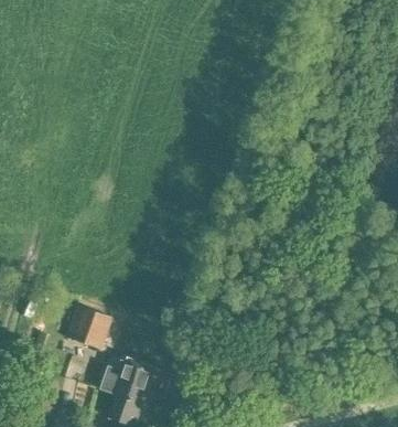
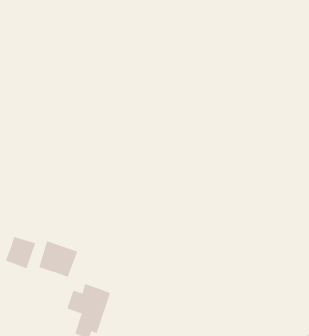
building: none -> [5,236,36,269]

